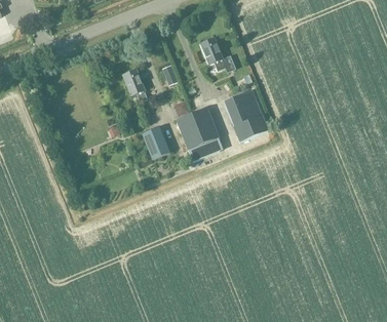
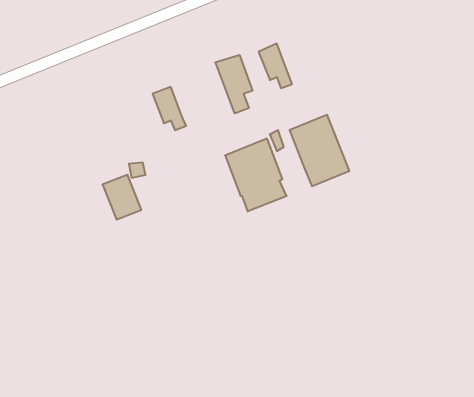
building: none -> [215,55,252,113]
building: [142,125,170,158] -> [102,175,141,219]

